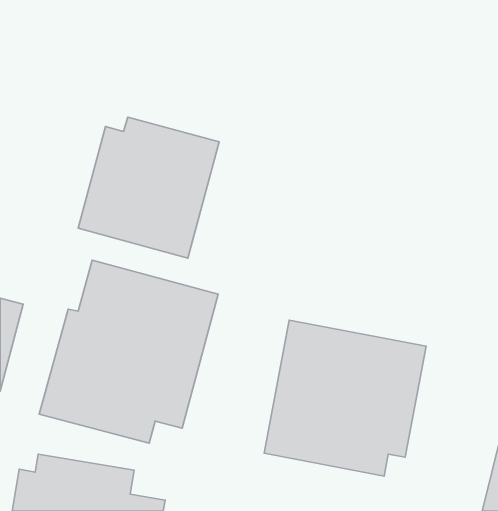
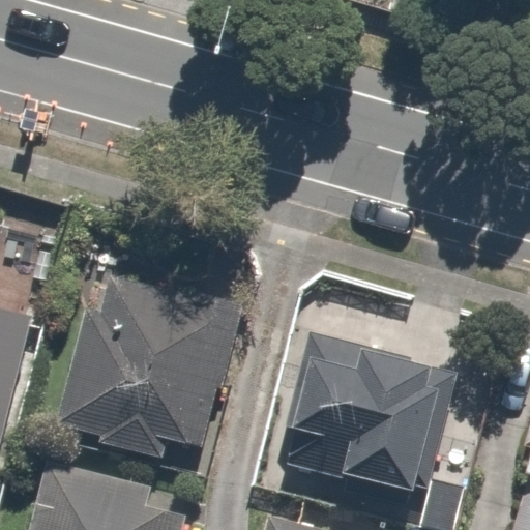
building: [78,117,219,258] -> none

